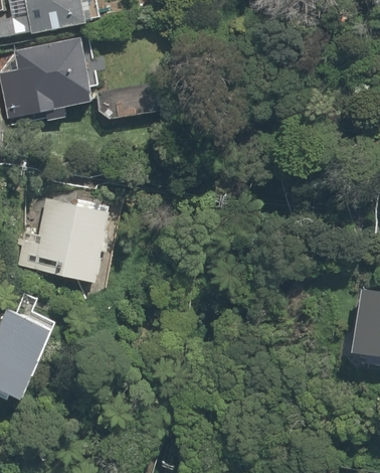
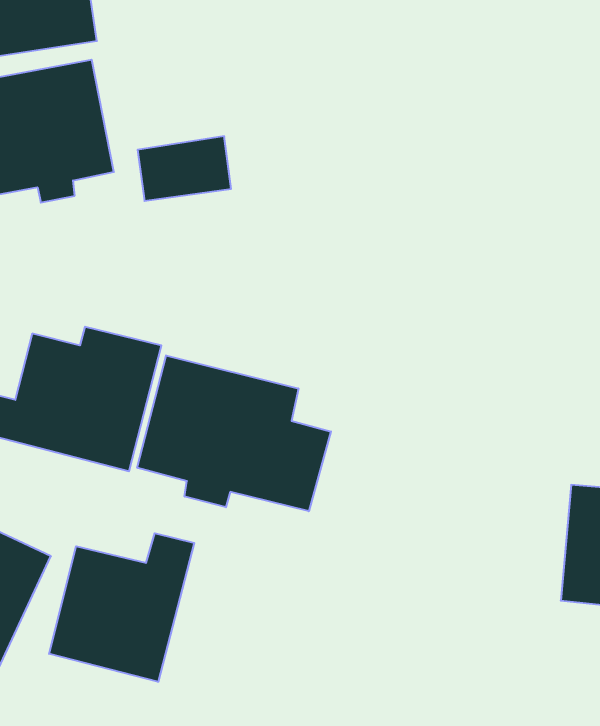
building: none -> [137,355,331,511]
building: none -> [49,533,194,682]

